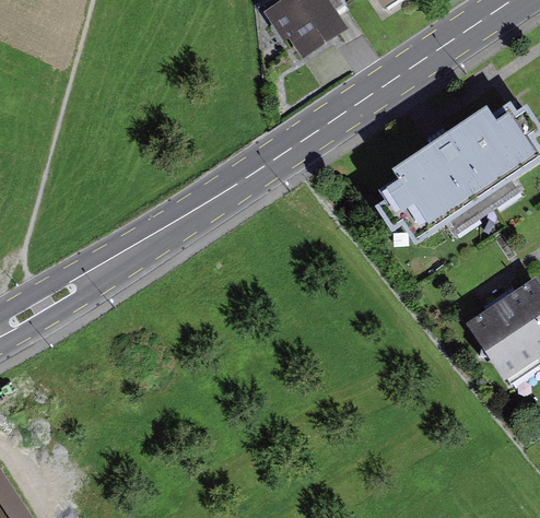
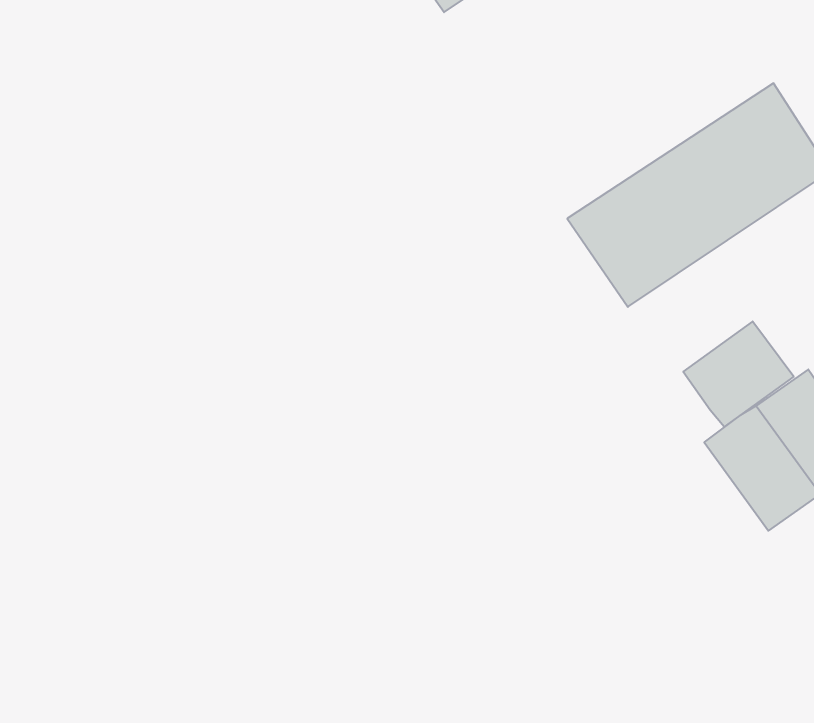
building: none -> [683,321,794,427]

